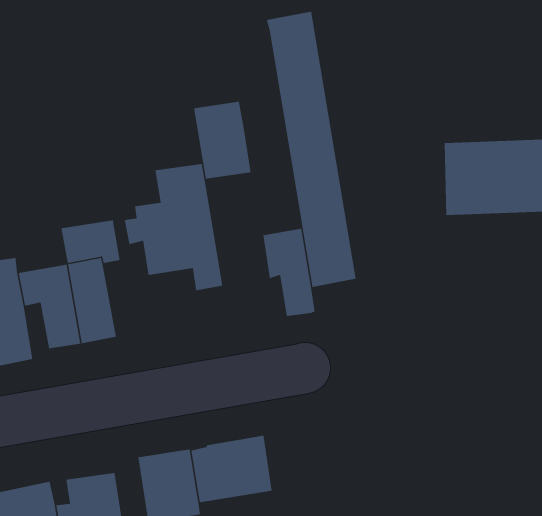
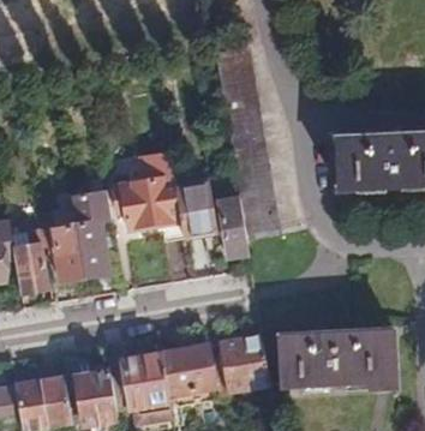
building: [193,101,251,180] -> [175,182,216,238]
building: none -> [277,327,400,387]
building: none -> [213,335,268,393]

